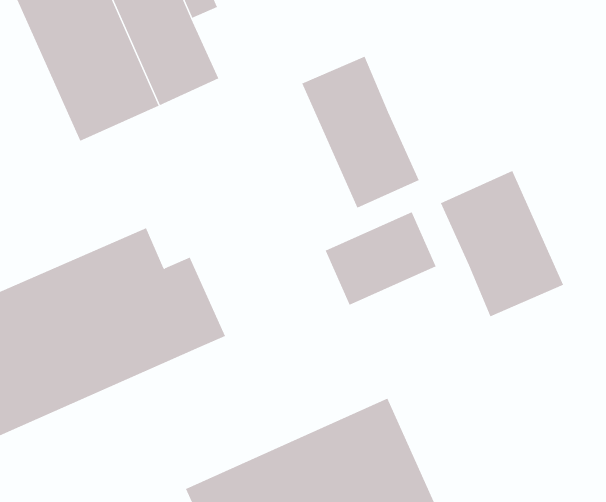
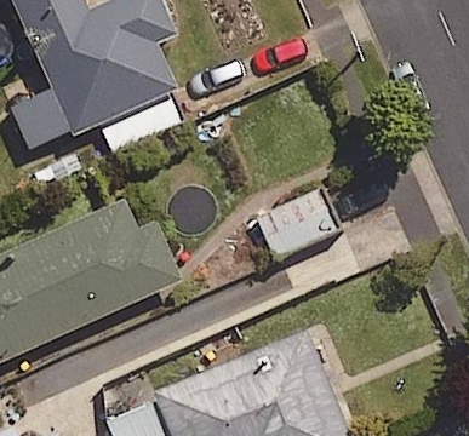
building: [302,56,419,208] -> none
building: [440,170,564,317] -> none

